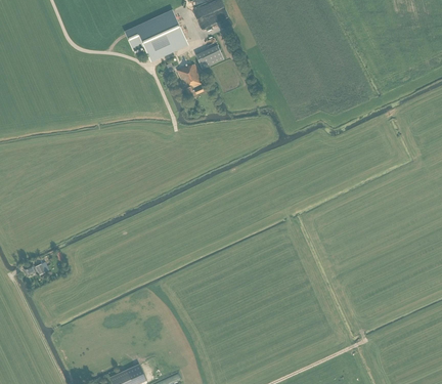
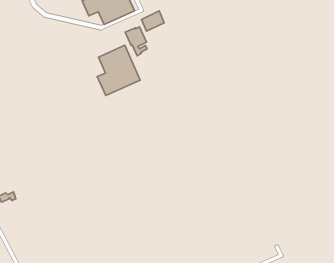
building: none -> [97,45,140,95]

